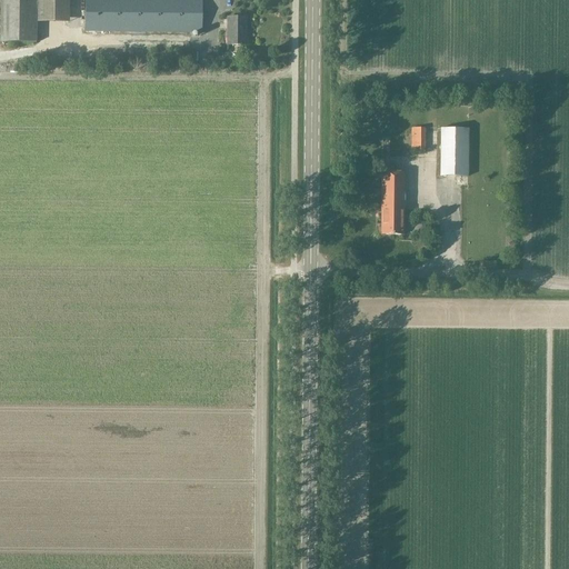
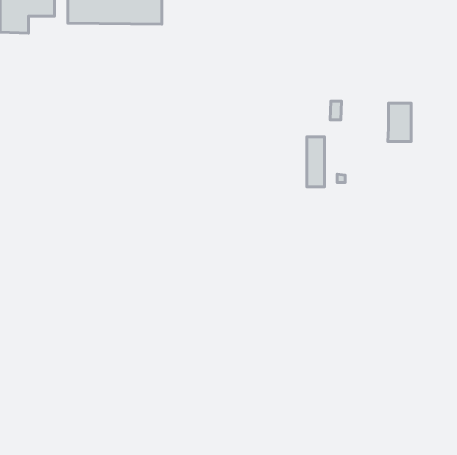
building: [227,16,246,43] -> none
building: [439,127,468,174] -> [388,103,411,141]

